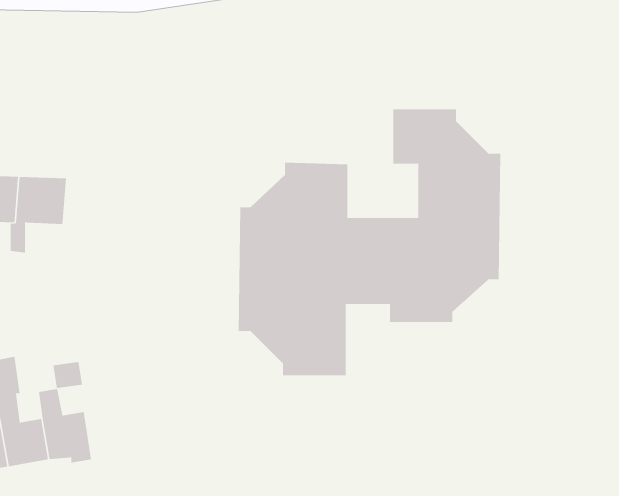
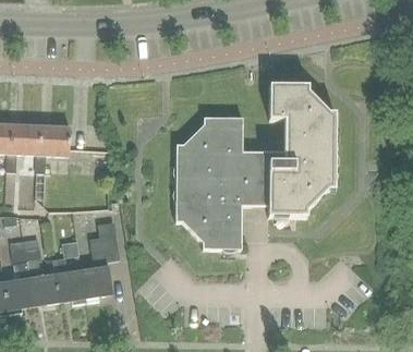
building: none -> [81,222,118,299]

